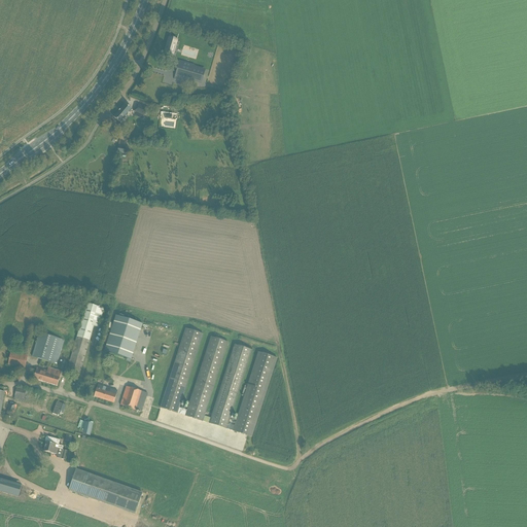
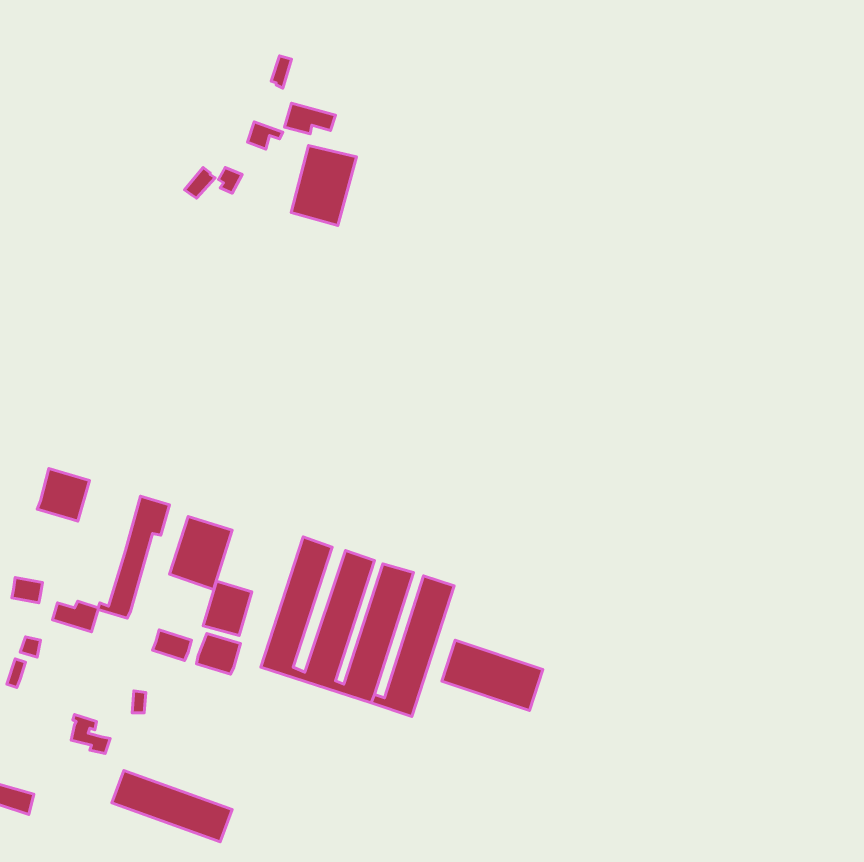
building: none -> [291,145,356,225]
building: [31,330,63,362] -> [37,469,90,521]
building: none -> [203,581,252,636]
building: none -> [442,640,543,711]

